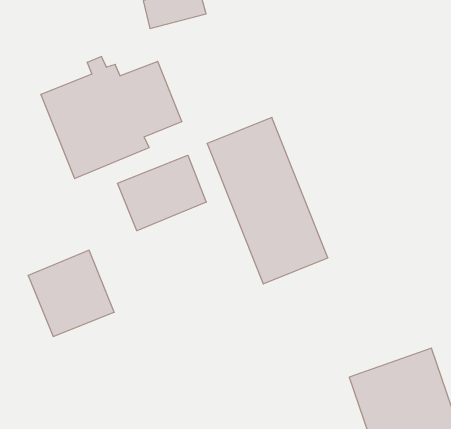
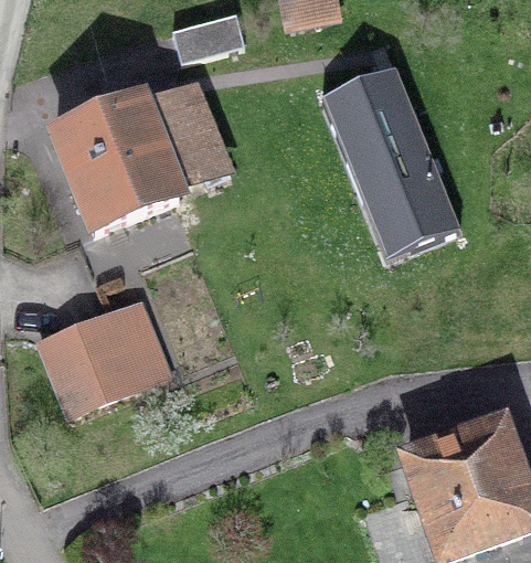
building: [207,117,328,284] -> [321,65,459,255]
building: [118,155,206,231] -> none

